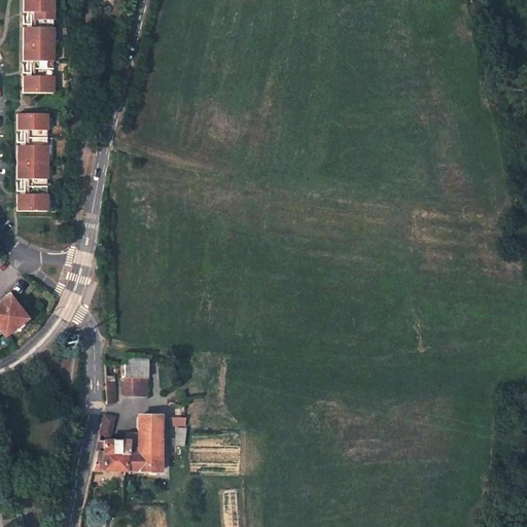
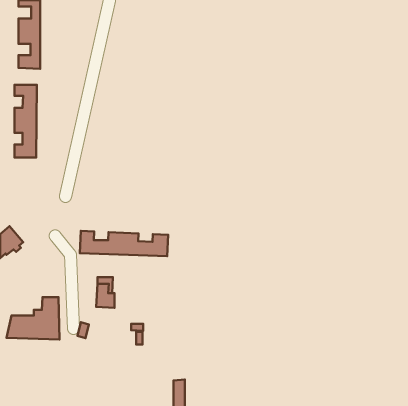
building: none -> [80,231,168,256]
building: [93,420,161,475] -> [7,297,59,339]

